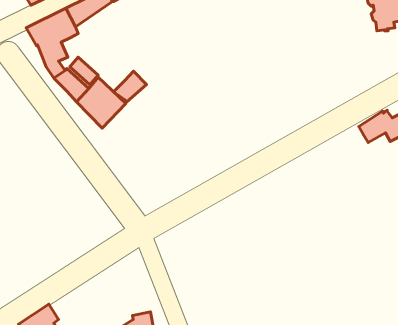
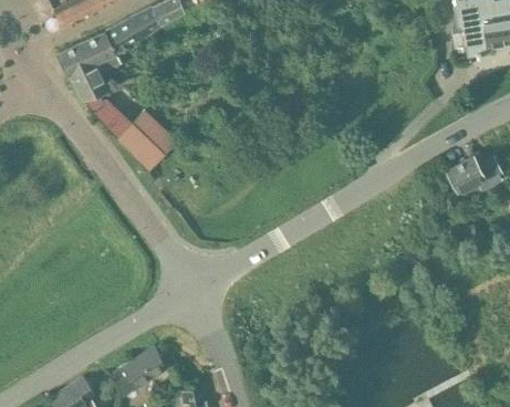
building: [114,71,146,102] -> none
building: none -> [112,348,167,395]

